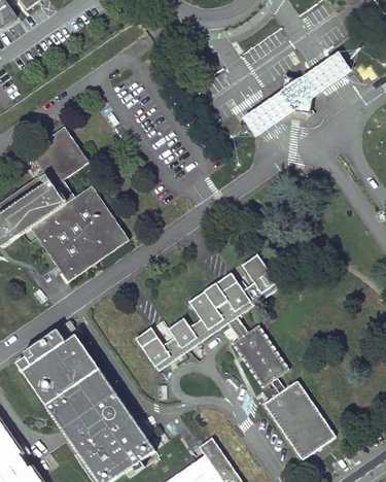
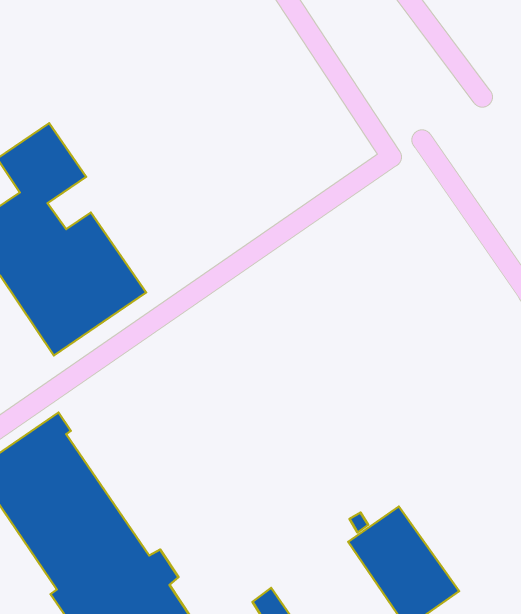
building: [242,51,351,138] -> none
building: [136,253,288,386] -> none

